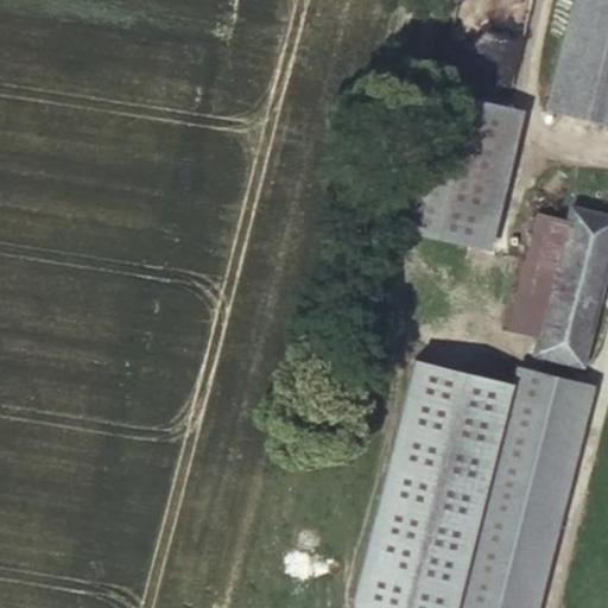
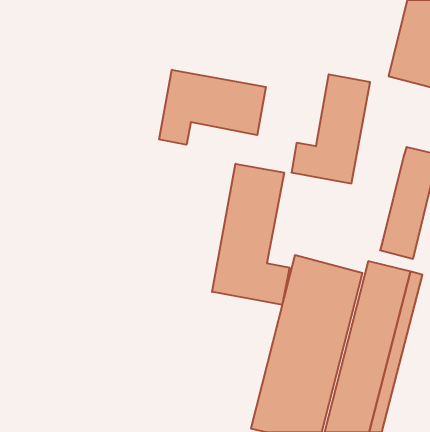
building: none -> [159,70,266,145]
building: [508,211,570,337] -> none
building: none -> [212,164,290,305]

